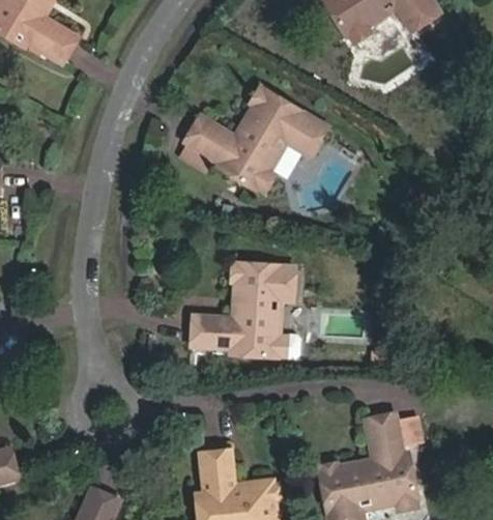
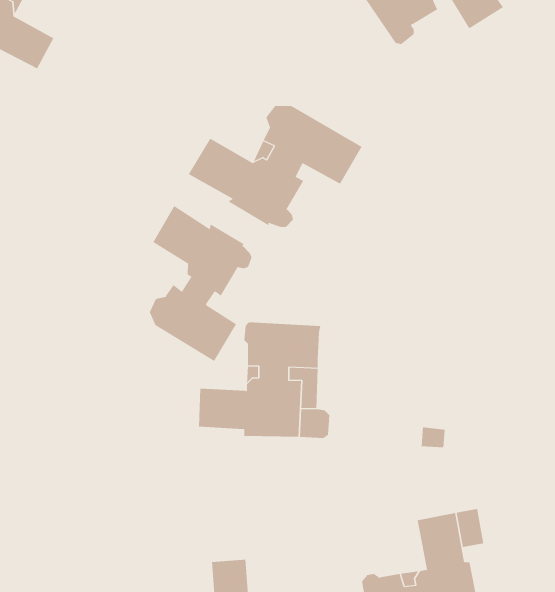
building: none -> [149,205,252,362]

